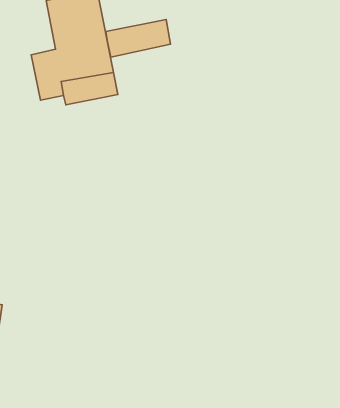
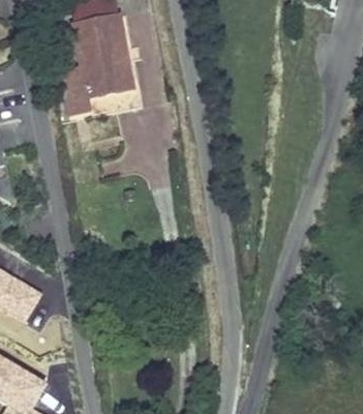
building: [106,19,171,57] -> none

